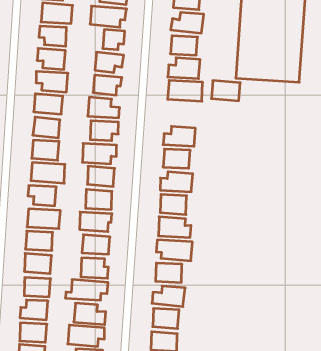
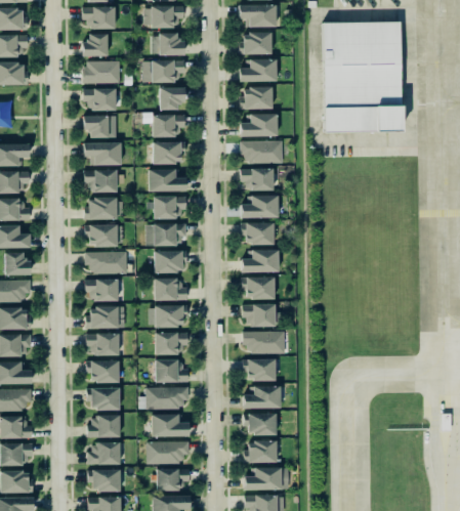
building: [211,81,240,101] -> [241,169,274,190]

